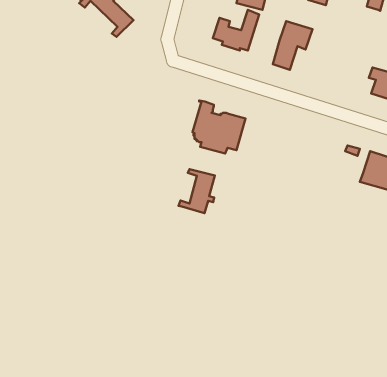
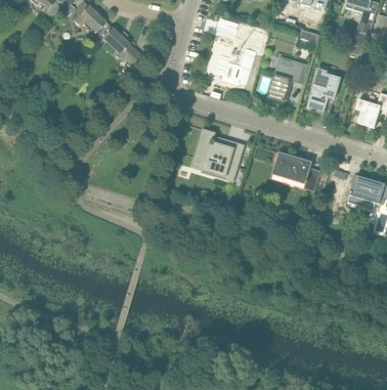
building: none -> [307,63,341,112]
building: none -> [272,150,320,190]
building: [178,169,215,213] -> none

